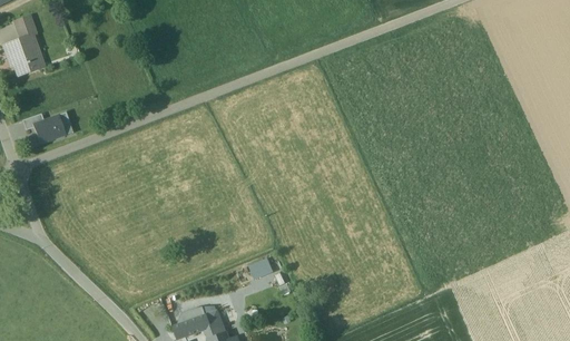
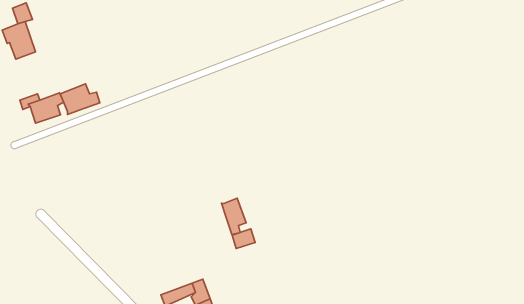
building: none -> [60,84,100,115]
building: none -> [221,198,246,234]

